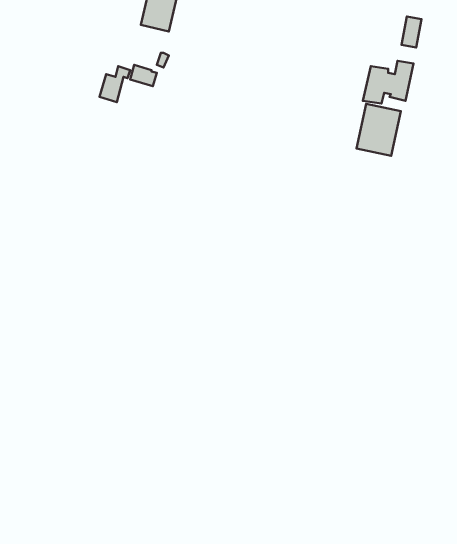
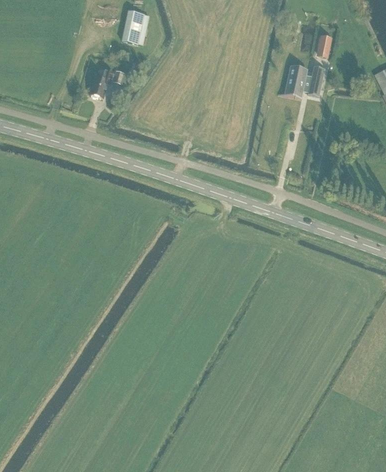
building: [356,104,401,156] -> none

